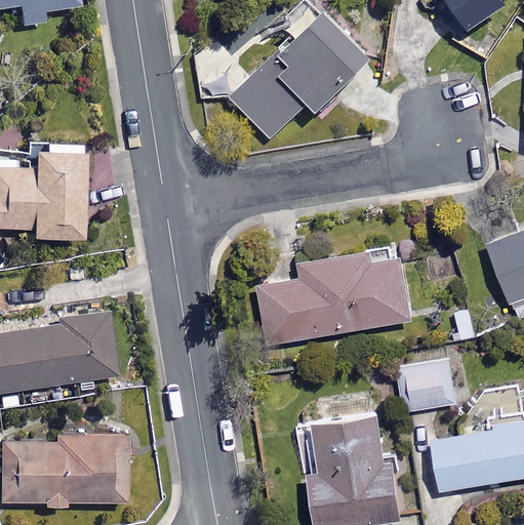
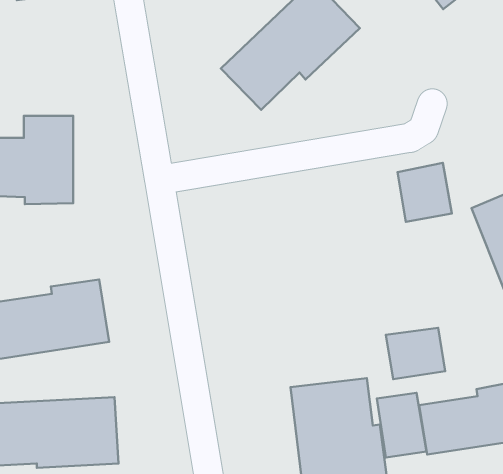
building: none -> [397,163,452,222]
building: [257,246,410,347] -> none
building: none -> [377,393,426,457]

